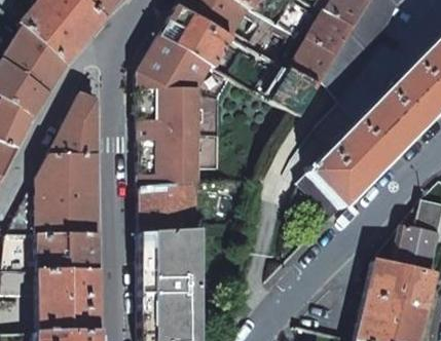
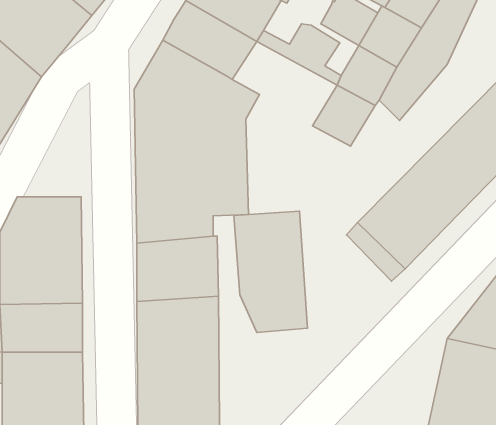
building: [49,93,98,154] -> none
building: none -> [234,211,307,333]

